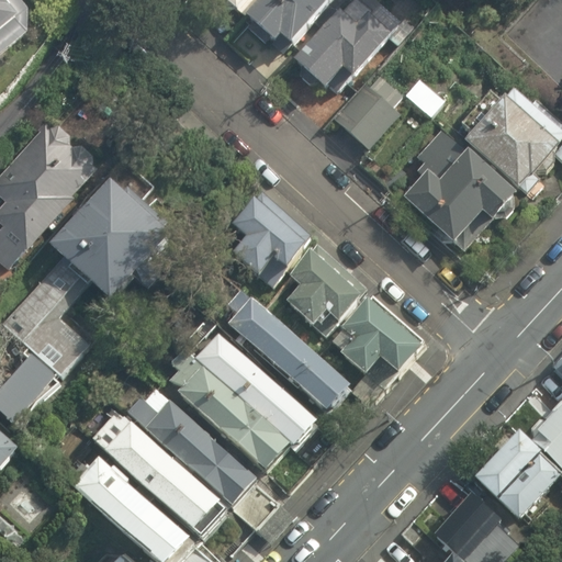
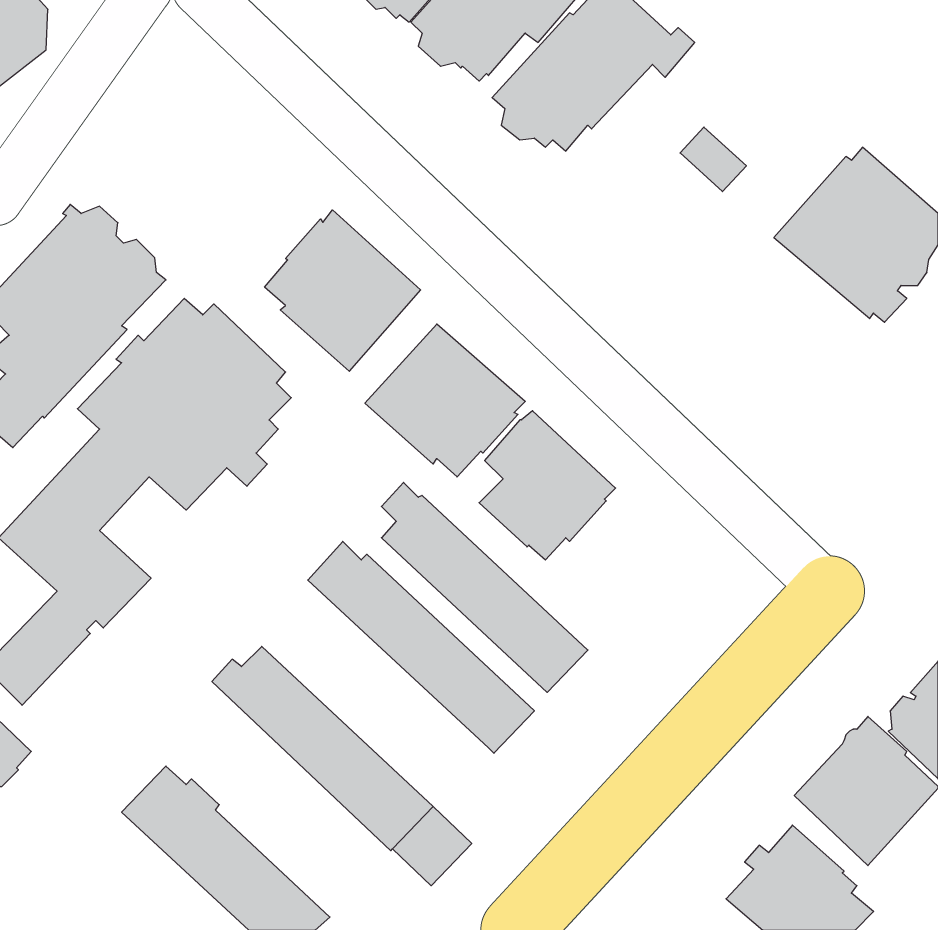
building: [333,72,403,148] -> none
building: none -> [265,210,421,371]
building: [402,126,517,249] -> none
building: [331,295,424,406] -> none
building: [168,346,291,473] -> none
building: [91,414,226,539] -> none

